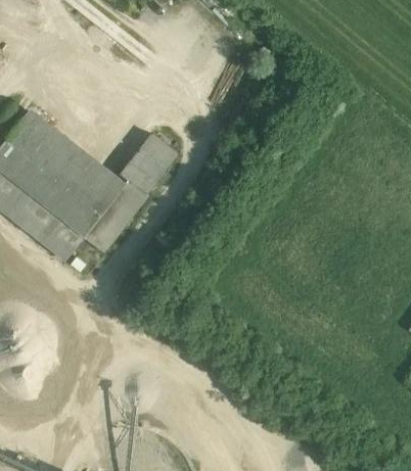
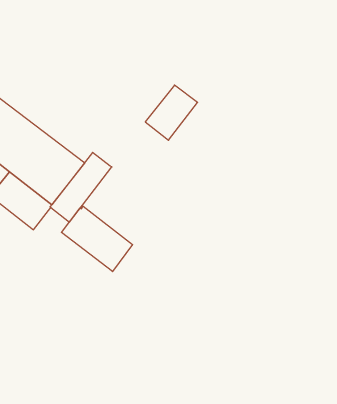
building: [122,134,177,192] -> [145,85,198,140]
building: none -> [61,206,133,272]

